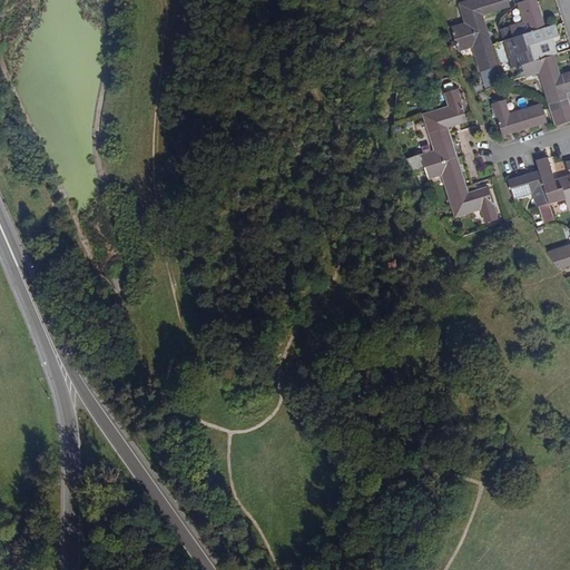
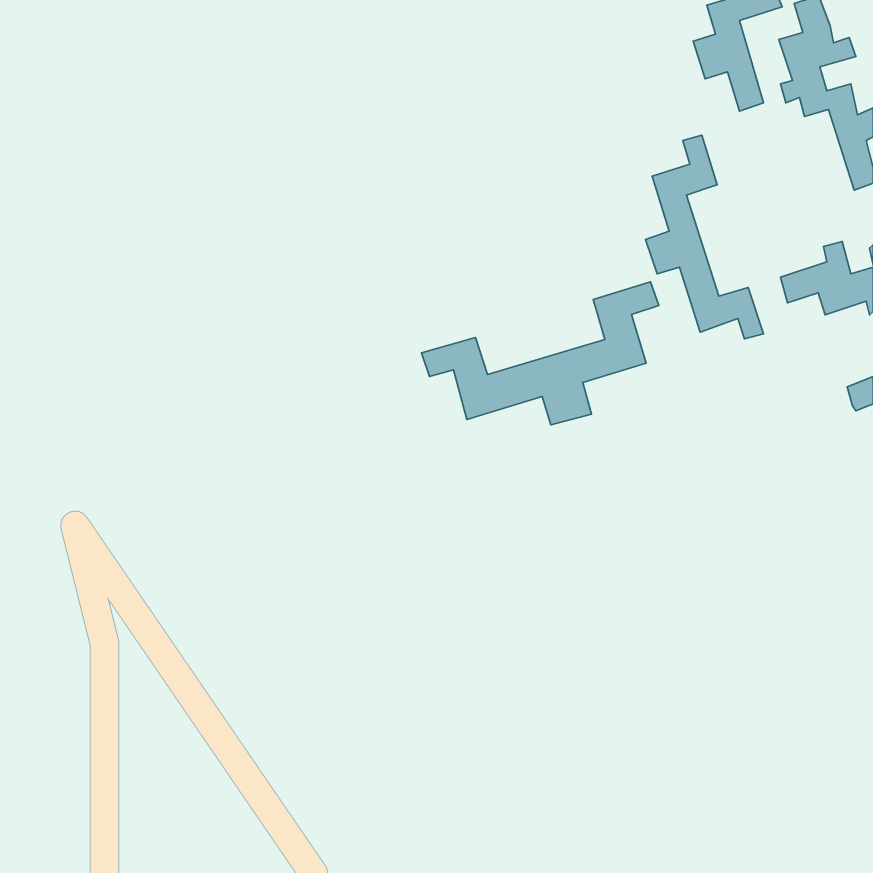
building: [492,97,546,131] -> none
building: none -> [421,282,659,425]

